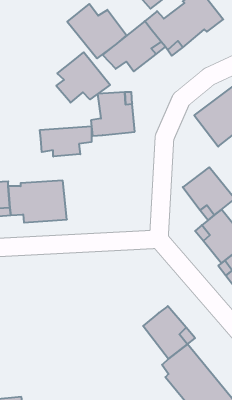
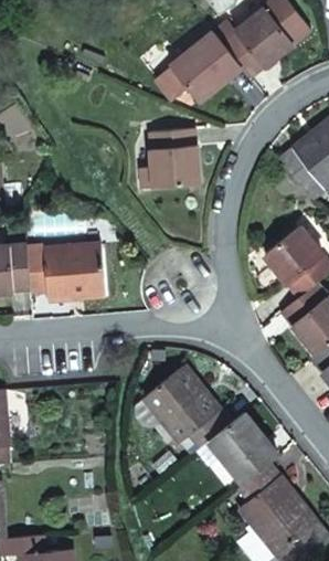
building: [67,4,126,58] -> none
building: [56,52,110,103] -> none
building: [40,126,92,157] -> none
building: none -> [142,364,229,447]

